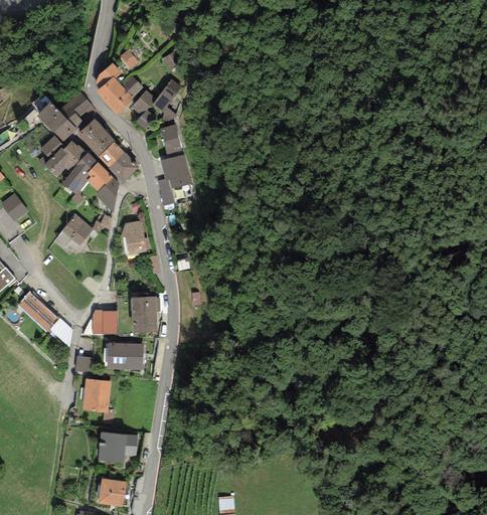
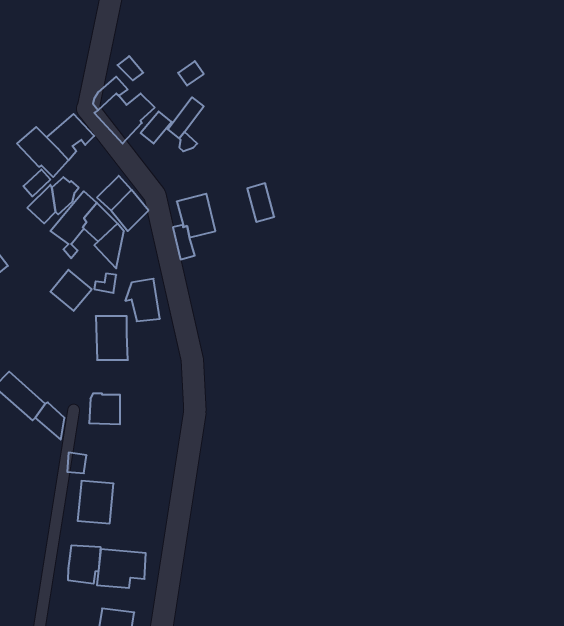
building: [76,118,115,157] -> none
building: [160,124,181,154] -> [247,183,274,222]
building: [132,297,157,331] -> [96,316,128,360]
building: [107,343,143,369] -> none
building: none -> [68,545,100,584]

